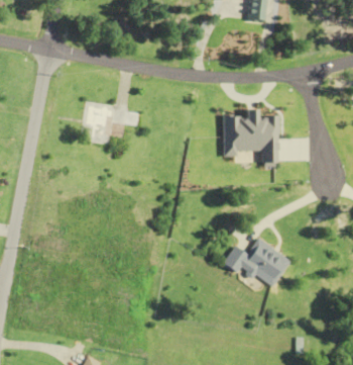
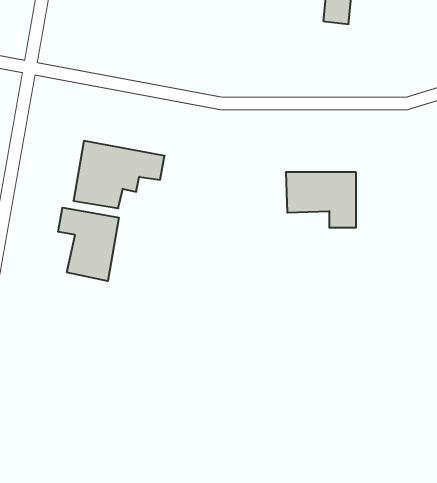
building: none -> [58,208,119,281]
building: [224,241,292,288] -> none

